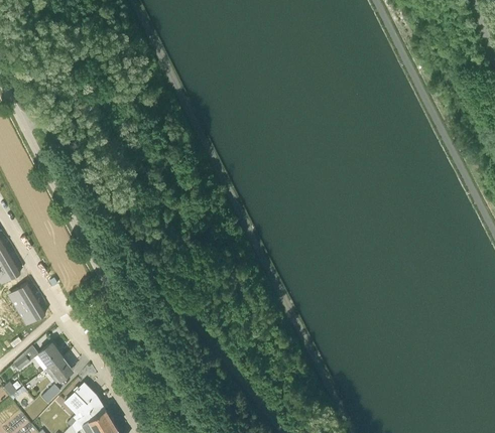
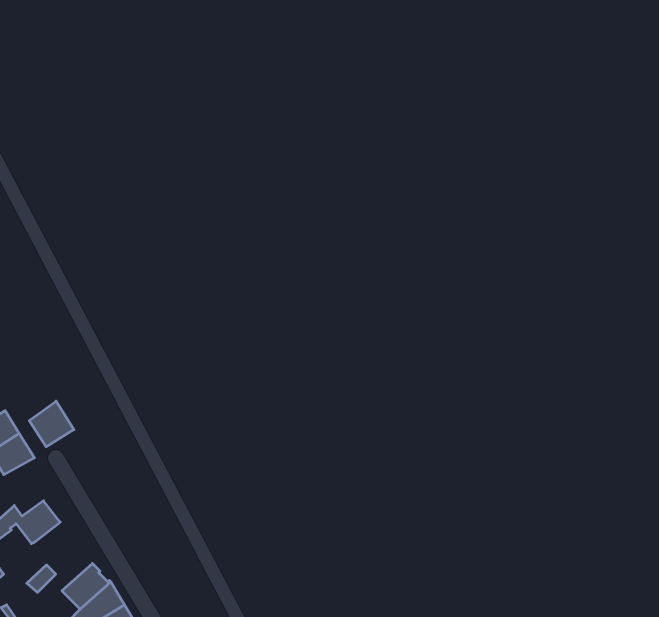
building: none -> [29,401,74,447]
building: [45,356,73,383] -> none

